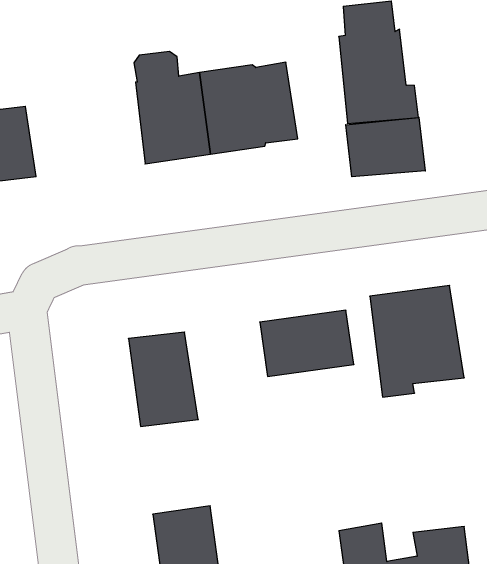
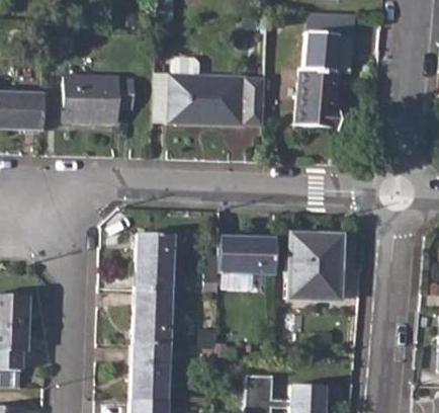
building: none -> [98,78,136,122]
building: [346,117,425,177] -> none
building: none -> [134,288,172,345]

